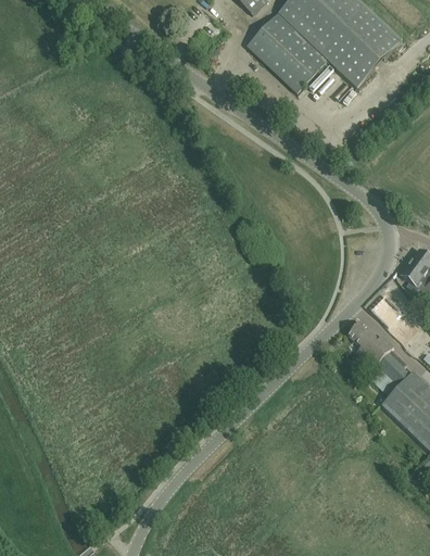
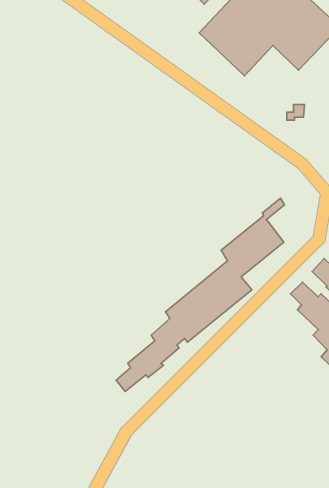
building: none -> [116,198,285,391]

